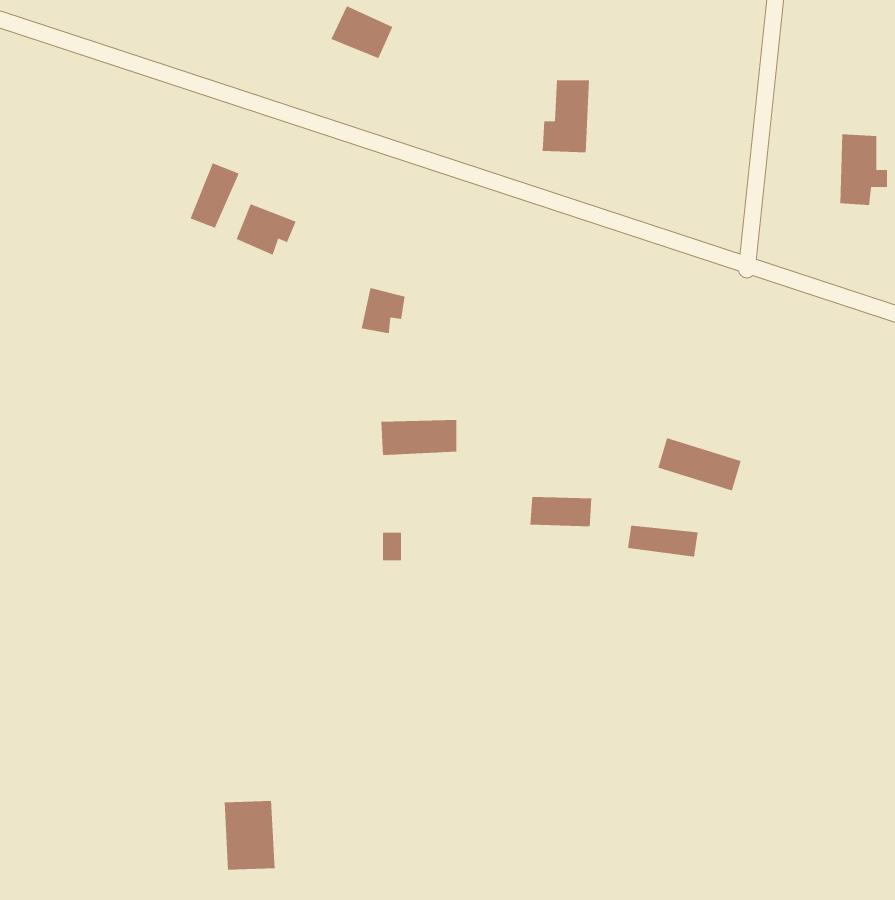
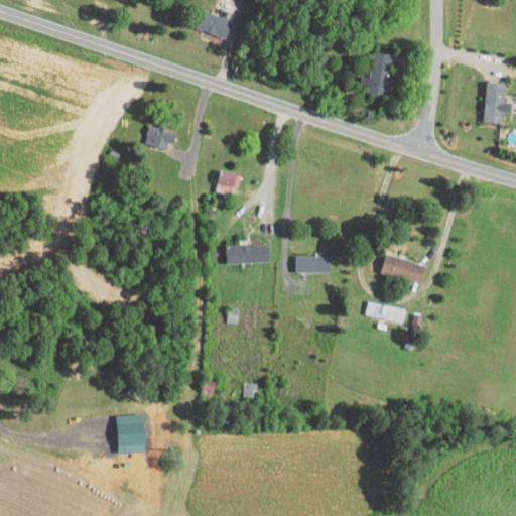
building: [542,80,590,153] -> [363,53,390,95]
building: [190,163,240,229] -> none
building: [530,496,592,527] -> [294,256,330,273]
building: [224,801,275,870] -> [117,414,146,454]

